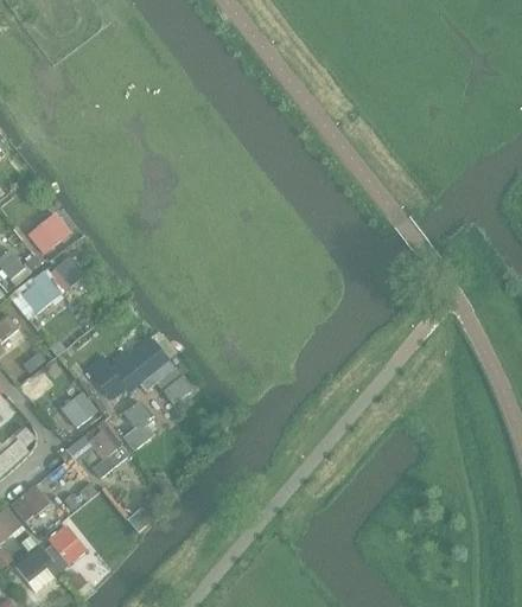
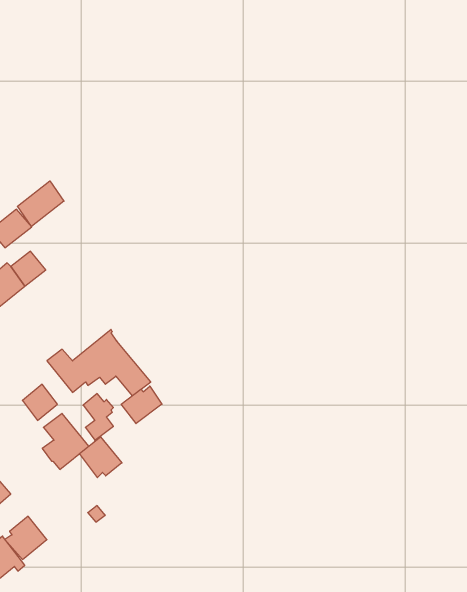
building: none -> [17,181,64,227]
building: none -> [121,386,162,424]
building: none -> [80,437,122,478]

